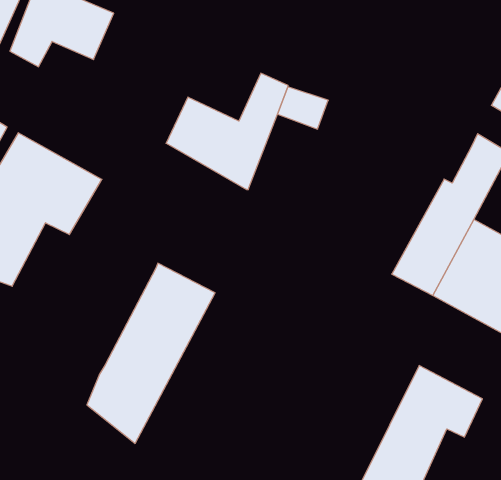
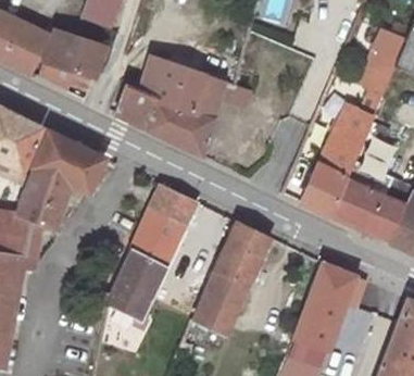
building: none -> [115,60,205,129]
building: none -> [140,184,198,225]
building: none -> [197,221,272,336]

